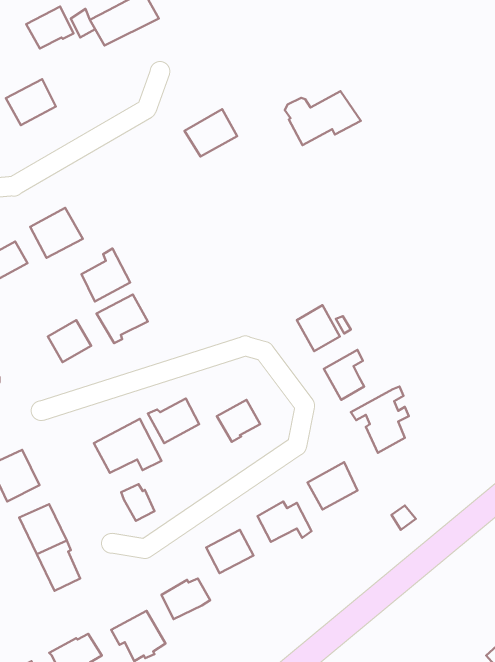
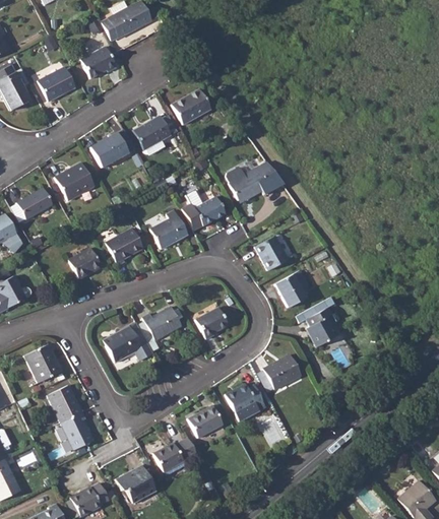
building: [26,6,74,48] -> [81,46,117,77]
building: [285,91,361,145] -> [228,161,285,202]
building: none -> [134,116,172,149]
building: none -> [91,132,129,168]
building: [81,249,130,301] -> [151,209,188,249]
building: none -> [183,196,227,230]
building: [121,484,154,521] -> none

